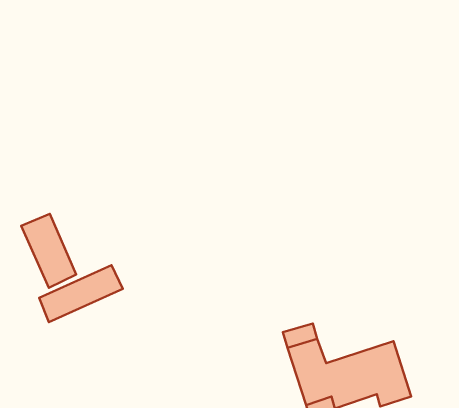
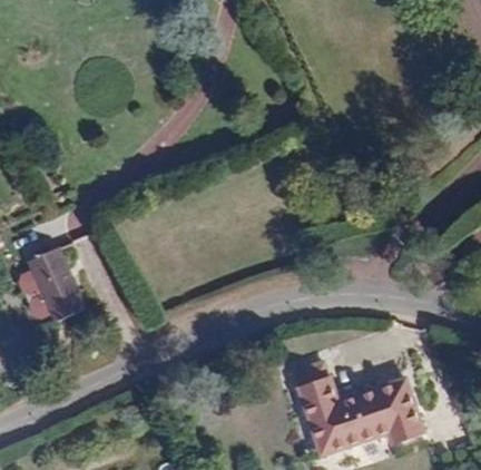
building: [39,265,123,322] -> none

